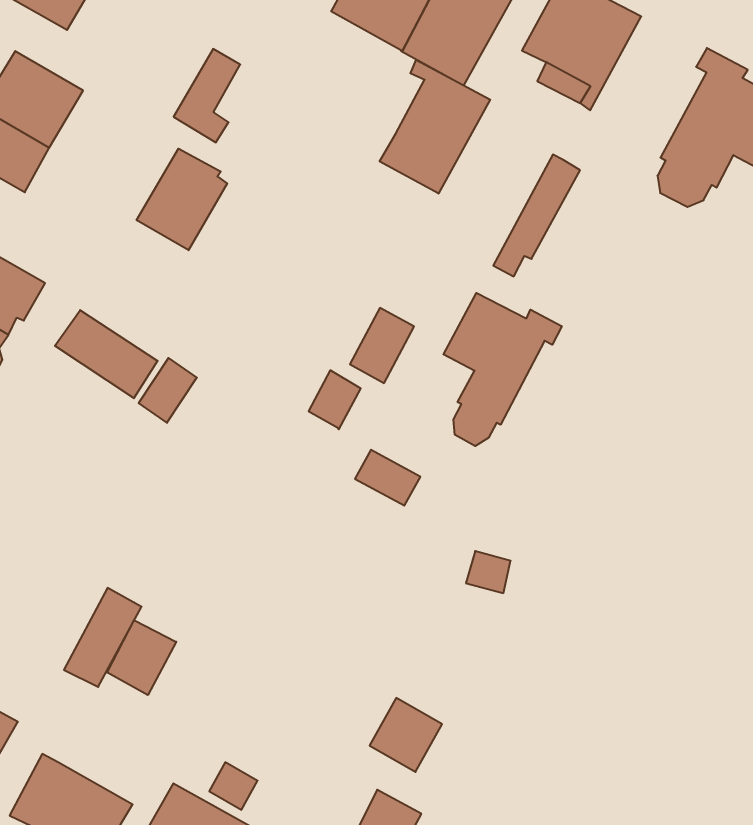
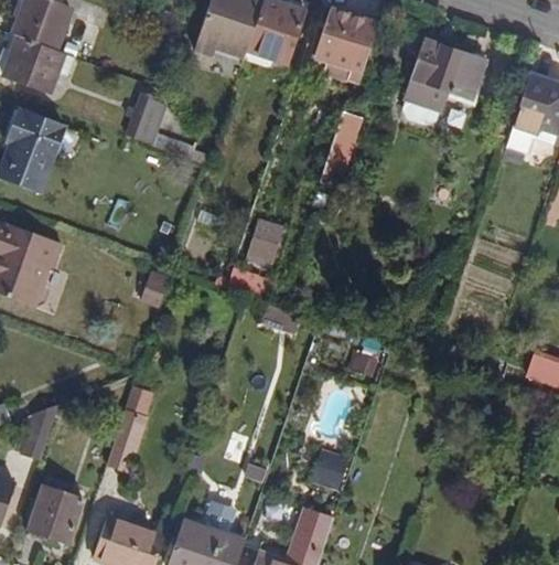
building: [380,60,490,194] -> none
building: [137,149,227,250] -> none
building: [443,293,562,446] -> none
building: [55,310,158,398] -> none
building: [107,620,176,695] -> none

